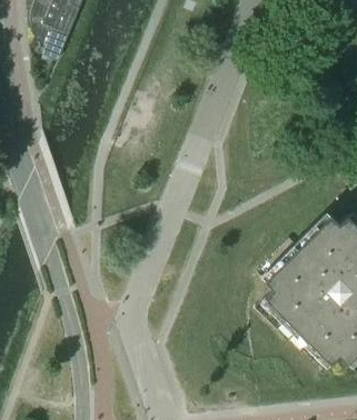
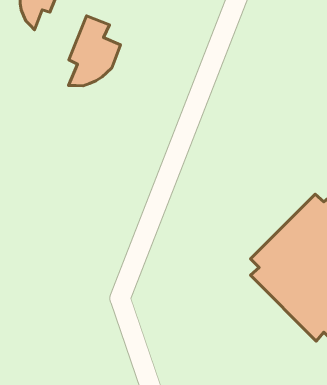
building: none -> [68,16,121,86]

